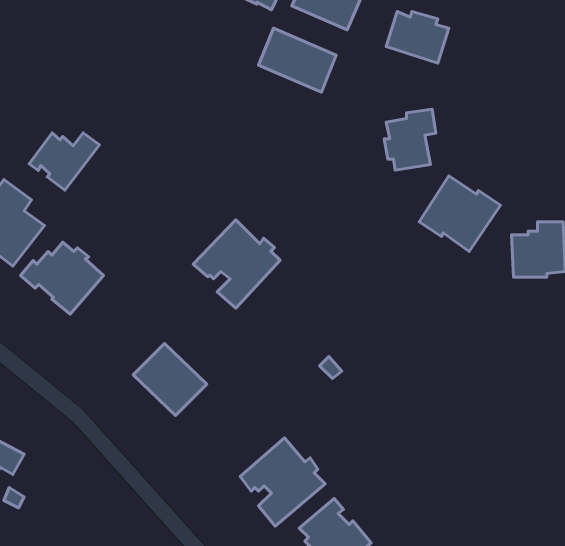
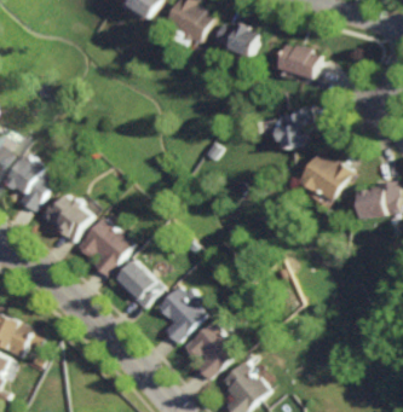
building: [259,28,336,92] -> none
building: [29,133,100,190] -> none
building: [193,220,280,308] -> [77,217,134,275]
building: none -> [156,288,205,342]

